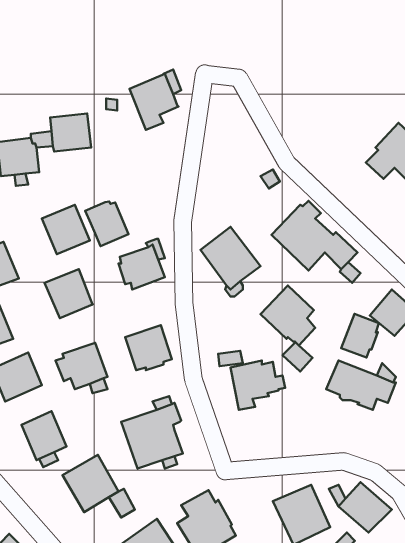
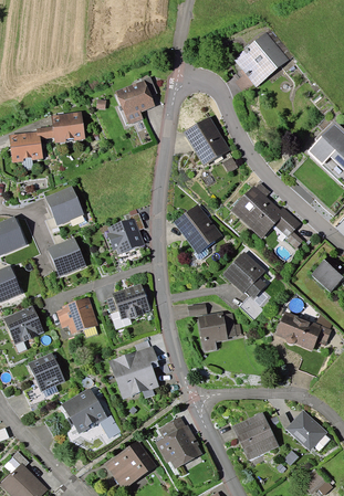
building: none -> [233,33,289,87]
building: none -> [183,116,230,167]
building: [85,201,129,246] -> none
building: [341,314,379,357] -> none

